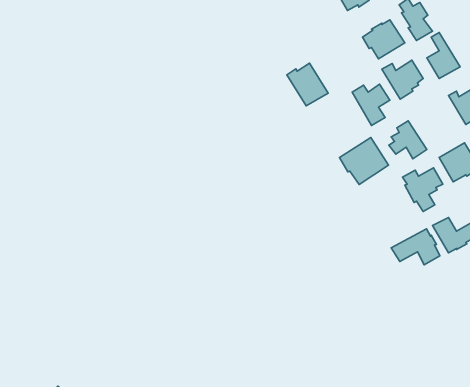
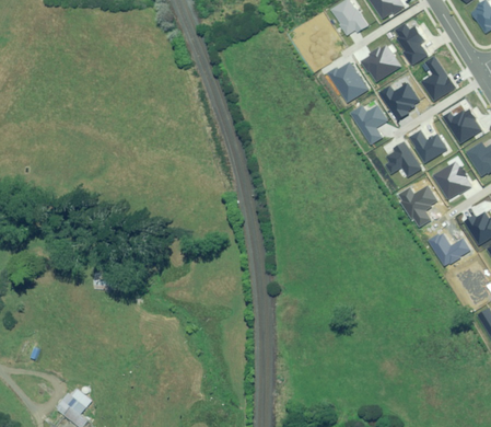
building: [287,63,328,106] -> [329,60,369,101]
building: none -> [411,129,448,161]
building: [339,137,388,184] -> none
building: [391,229,440,265] -> none

